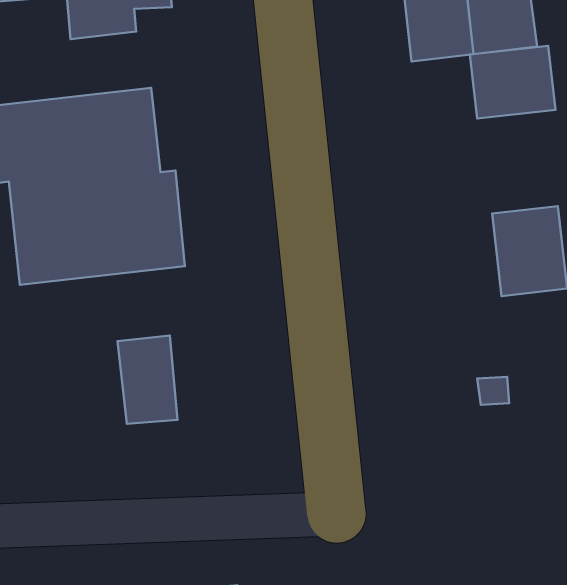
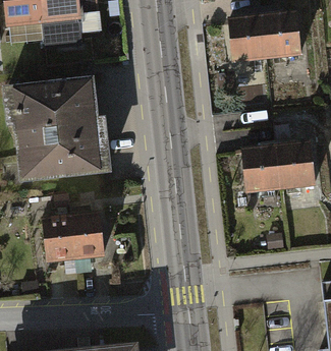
building: [470,46,556,119] -> none
building: none -> [239,144,280,193]
building: none -> [43,214,76,261]

